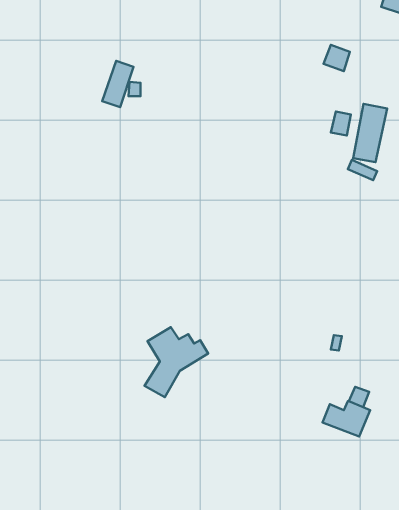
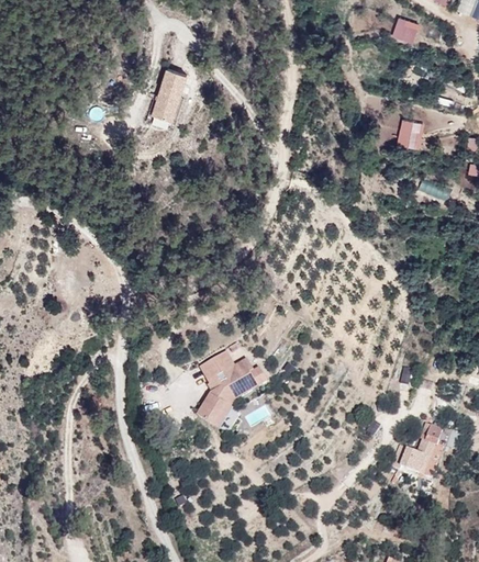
building: [324,45,350,71] -> [391,13,420,42]
building: [353,104,387,162] -> none

